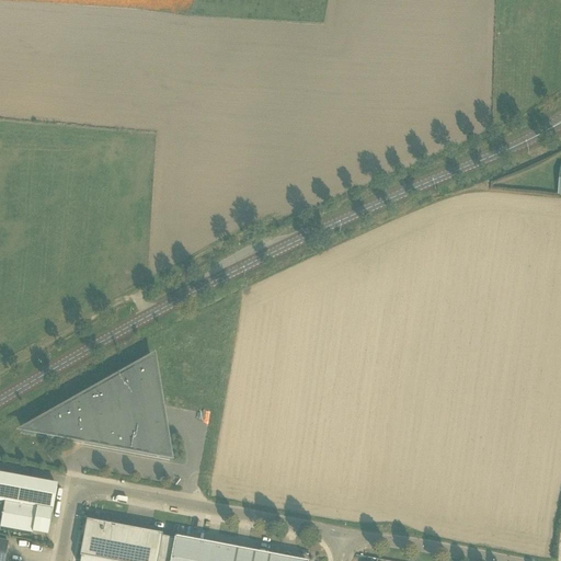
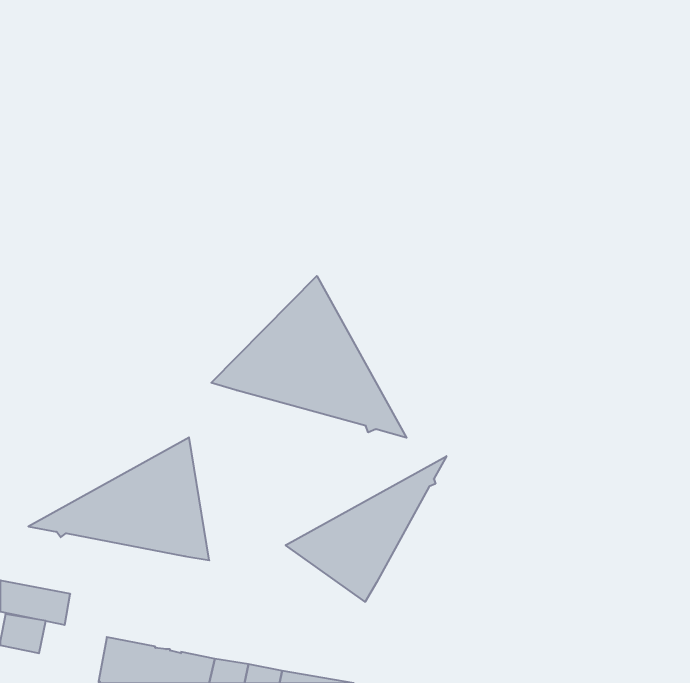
building: none -> [211,276,407,438]
building: none -> [286,456,446,602]

